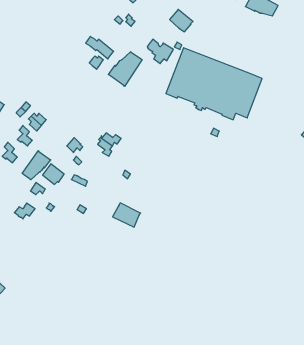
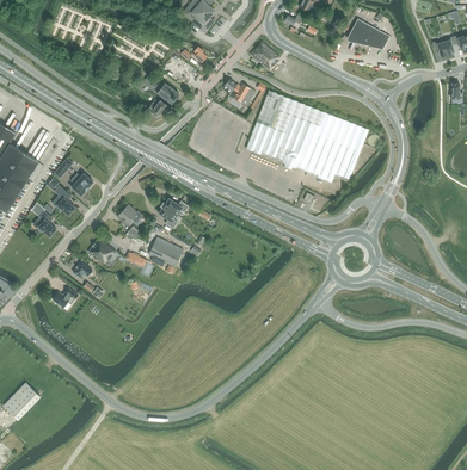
building: [108,52,142,86] -> none
building: [22,151,51,180] -> none
building: [113,203,141,227] -> [148,236,184,267]

